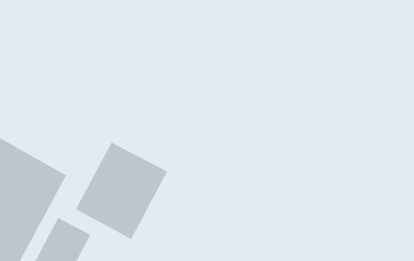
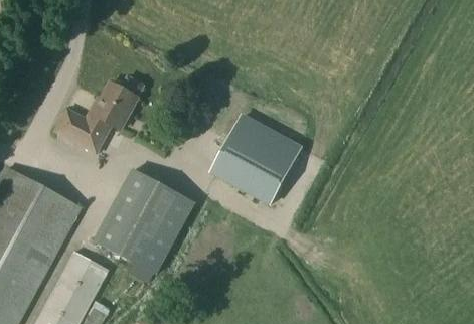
building: none -> [58,75,143,152]
building: none -> [210,115,300,204]

